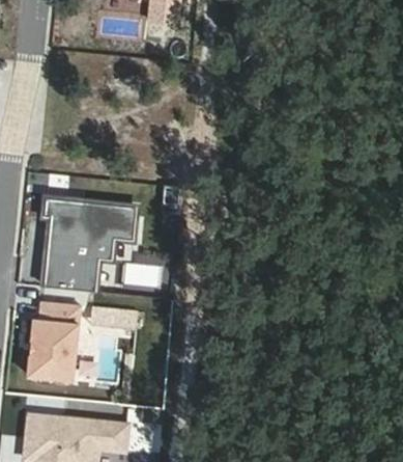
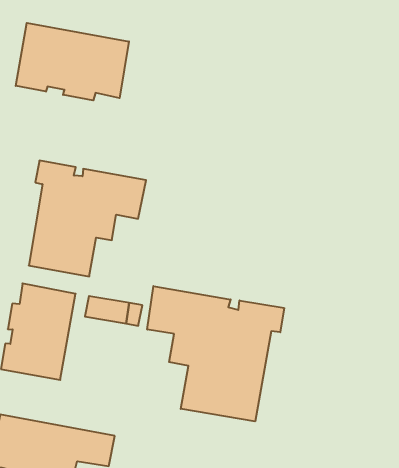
building: none -> [16,23,129,100]
building: none -> [147,286,284,421]

